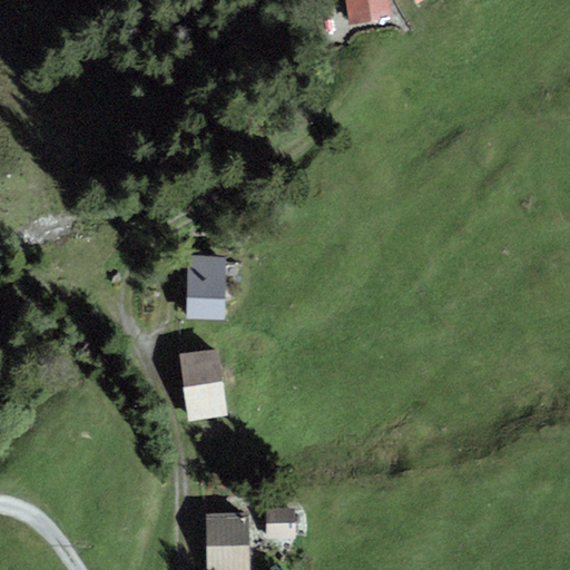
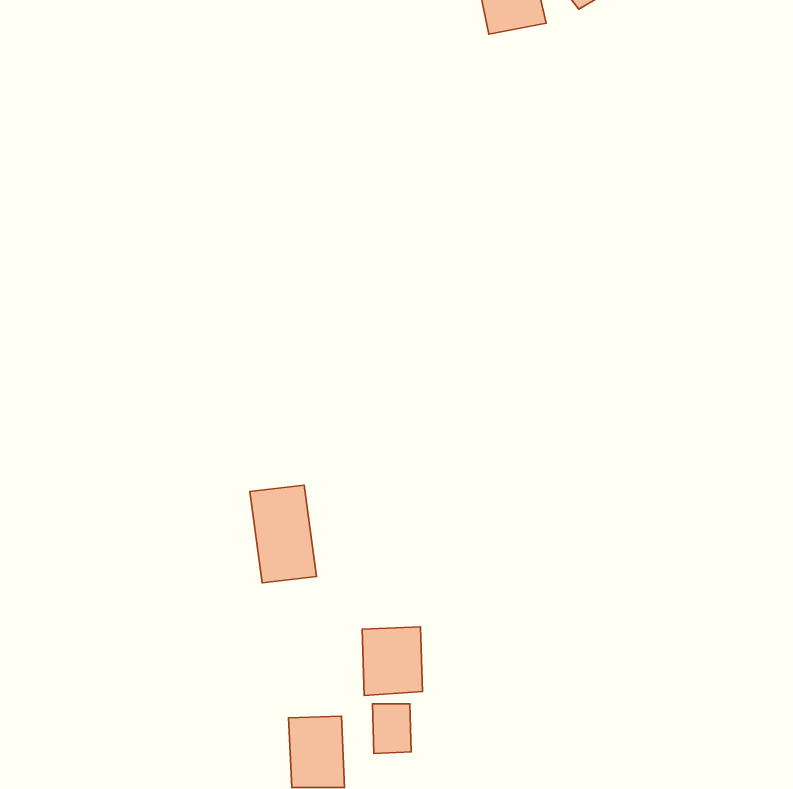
building: [187,255,225,320] -> none
building: none -> [362,627,422,695]

